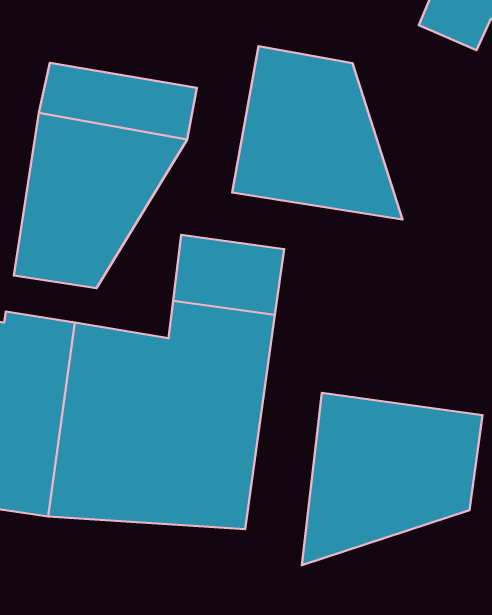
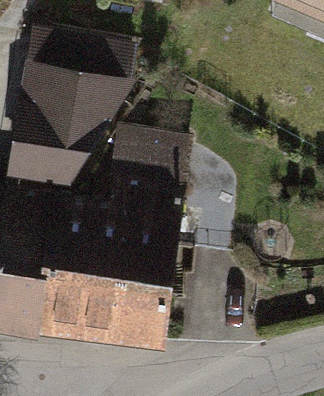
building: [232,46,402,220] -> none
building: [302,393,483,565] -> none

